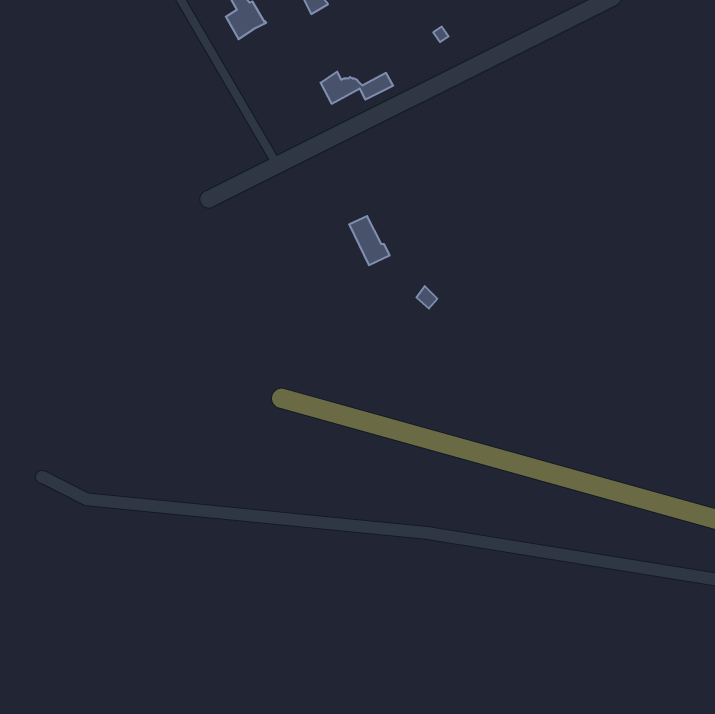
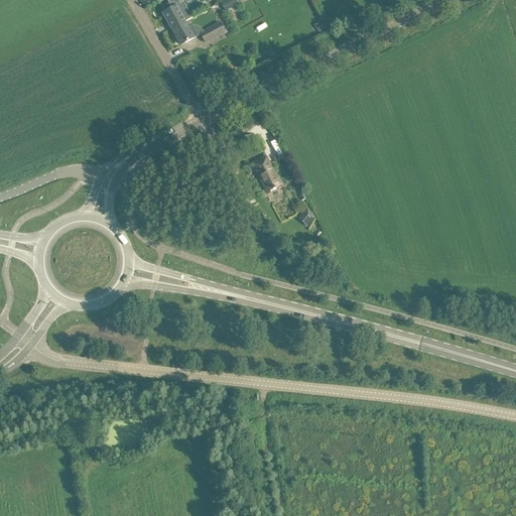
building: [320,72,393,104] -> [171,20,224,43]

